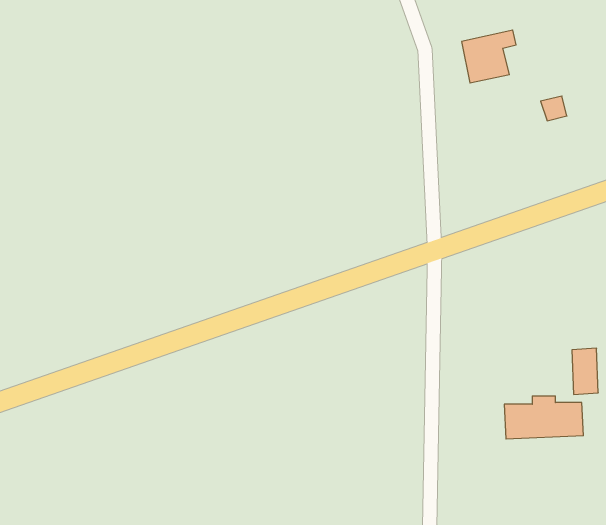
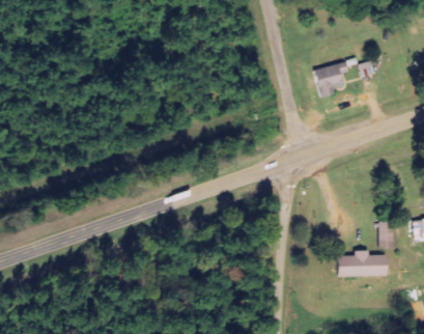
building: [462,30,516,83] -> [316,62,350,95]

